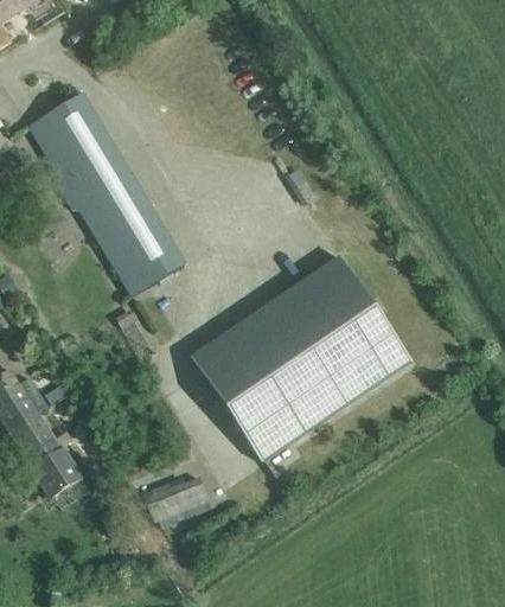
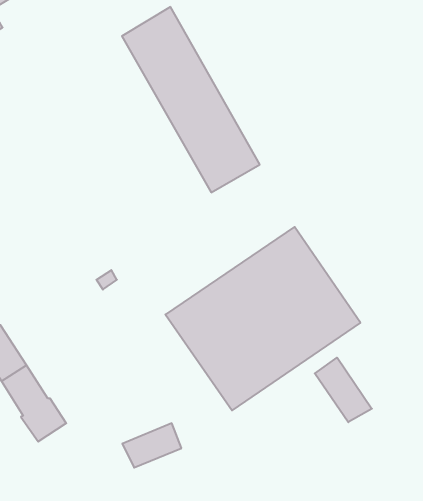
building: [30,94,181,298] -> [122,7,260,192]
building: none -> [315,358,372,422]

